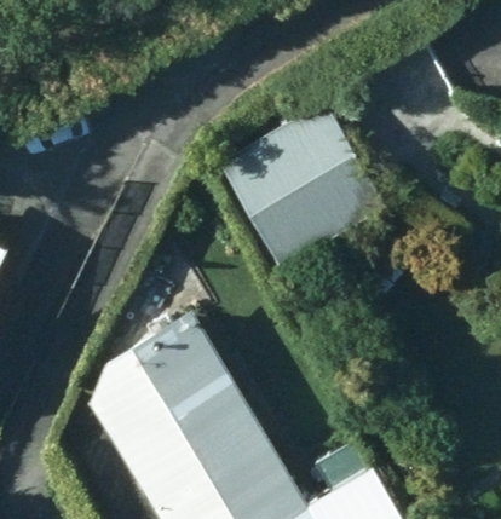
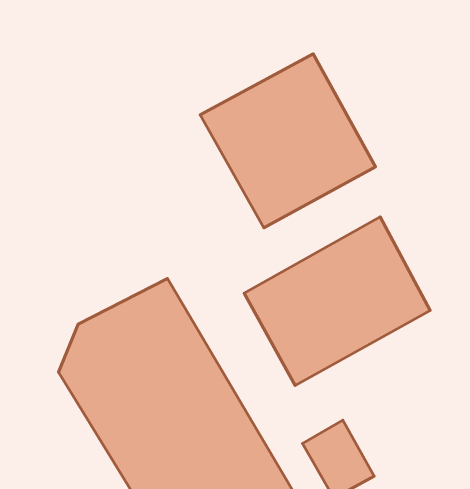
building: none -> [244,217,430,385]

